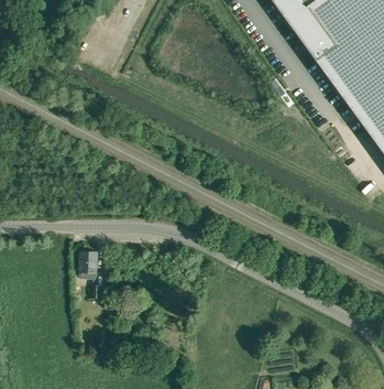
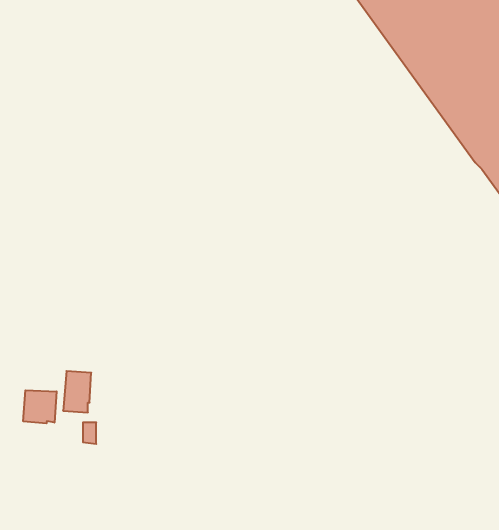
building: none -> [23,390,57,423]

